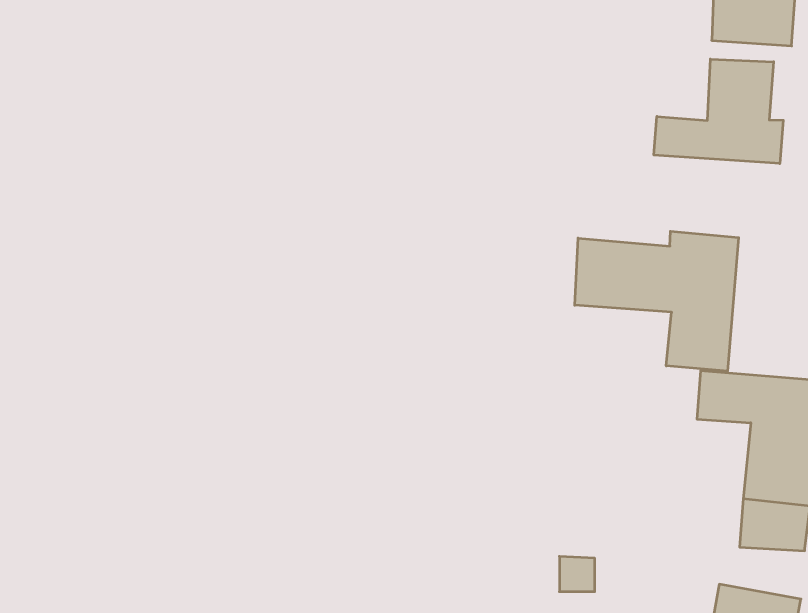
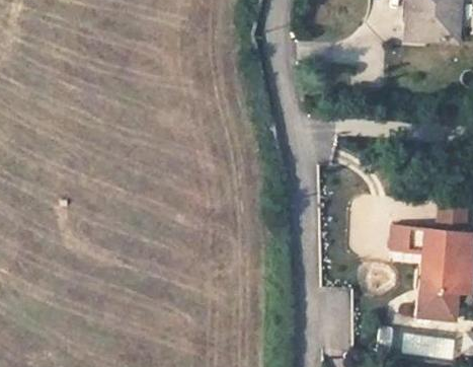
building: [654,59,783,164] -> none
building: [575,231,739,371] -> none

